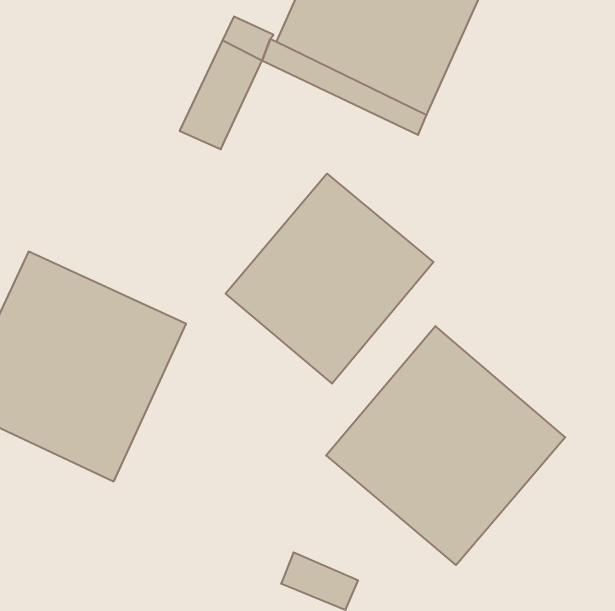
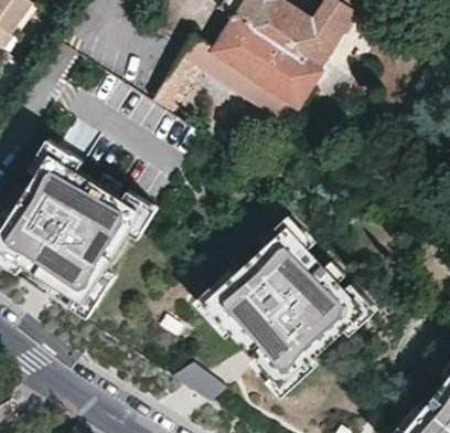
building: [226,174,434,384] -> none

